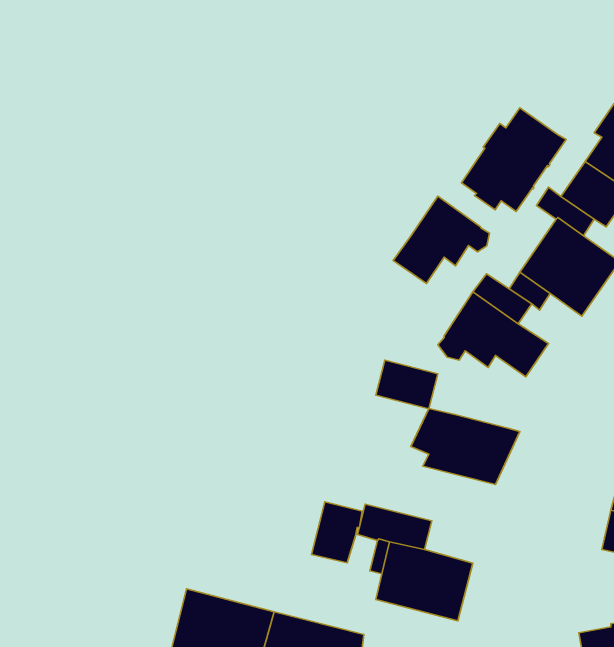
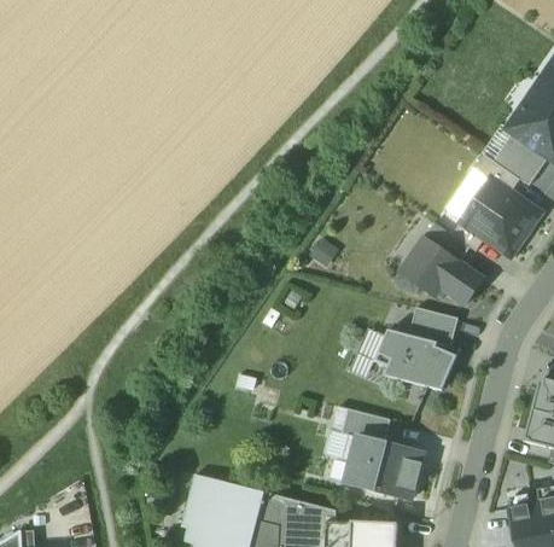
building: [461,108,566,211] -> none
building: [393,196,490,284] -> none
building: [376,360,438,409] -> [408,307,457,345]
building: [312,502,362,563] -> none

